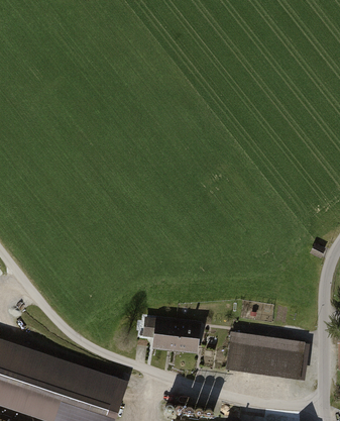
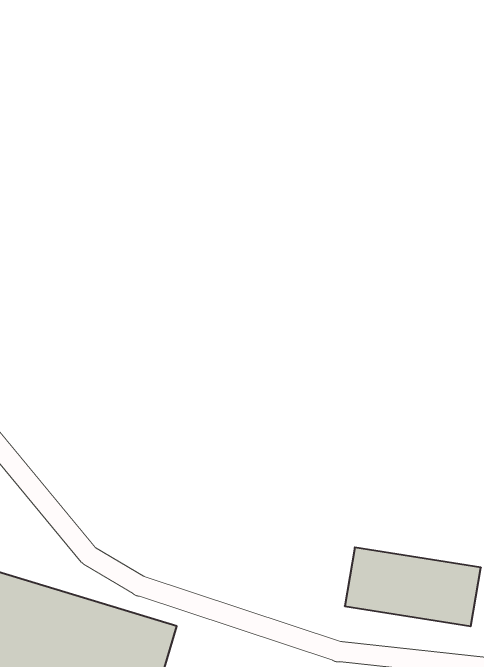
building: [152,317,199,357] -> none

